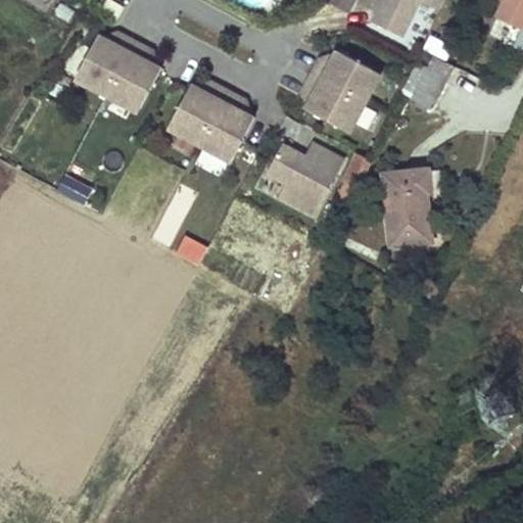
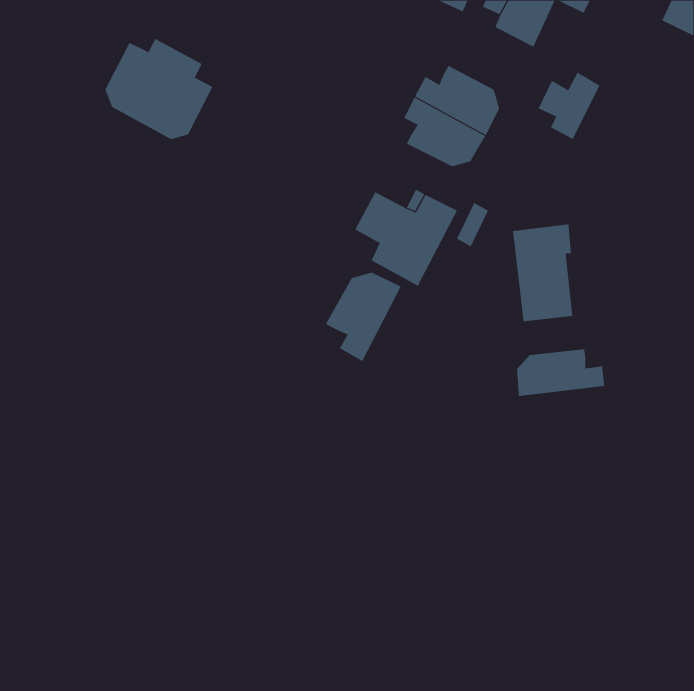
building: [173,81,254,157] -> none
building: none -> [325,272,402,362]
building: none -> [517,349,605,397]

